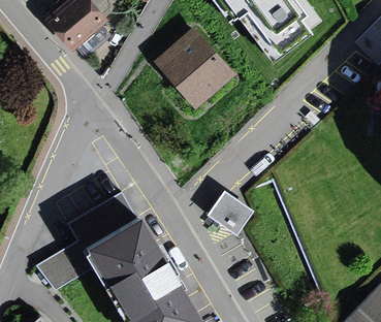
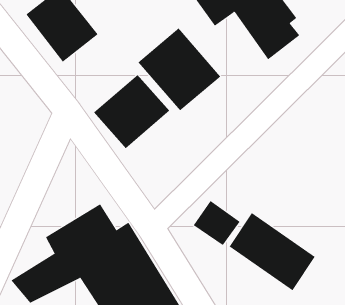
building: none -> [93,74,170,149]
building: none -> [229,212,315,291]

